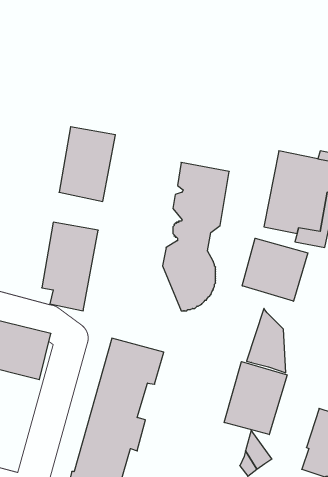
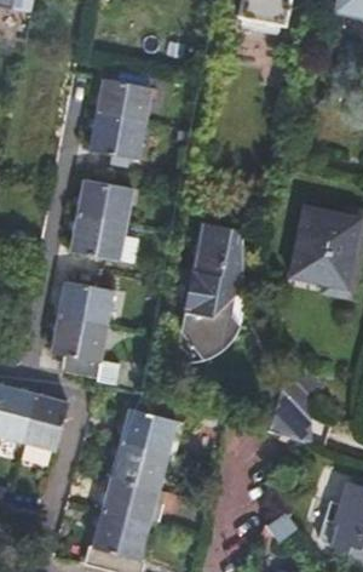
building: none -> [90,80,150,160]
building: [242,238,308,301] -> none
building: [224,362,287,435] -> none

